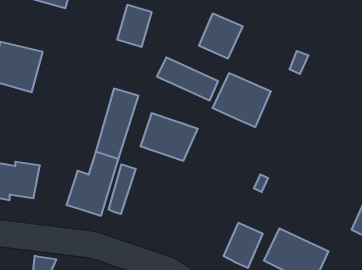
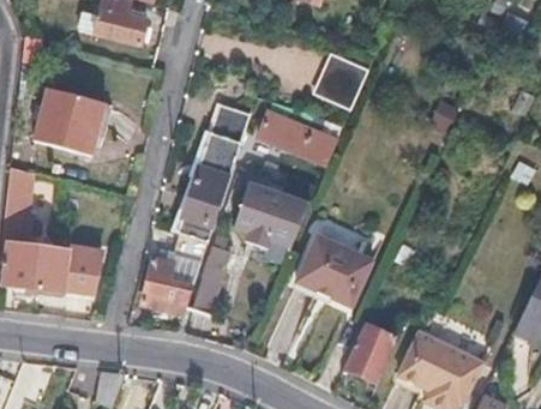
building: [117,5,152,47] -> [202,103,247,158]
building: [212,73,271,127] -> [295,236,372,307]

